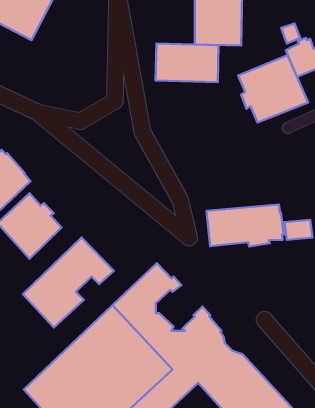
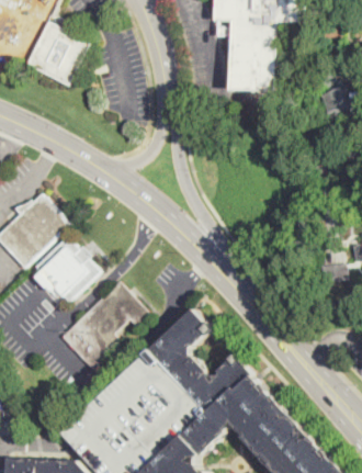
building: [156,44,219,82] -> none
building: [238,55,308,123] -> none
building: [206,205,284,247] -> none

